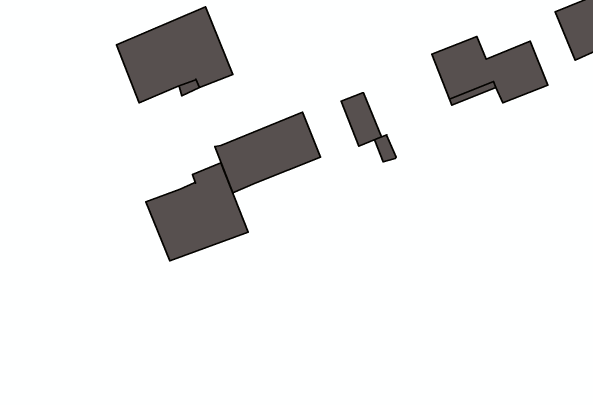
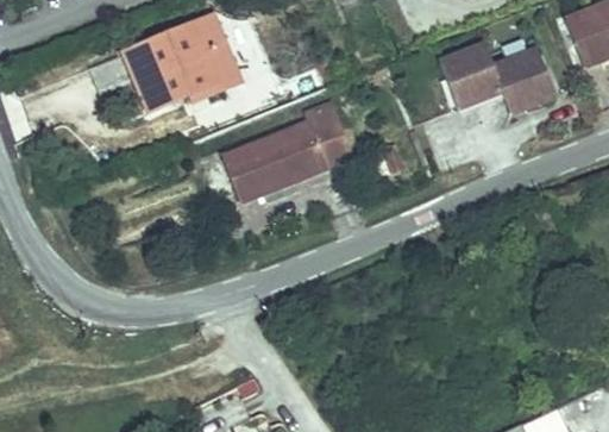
building: [341,93,381,146] -> [310,109,351,163]
building: [146,163,248,261] -> none

